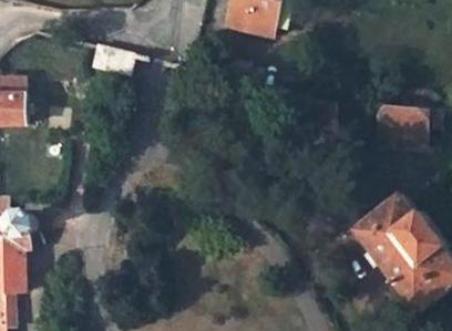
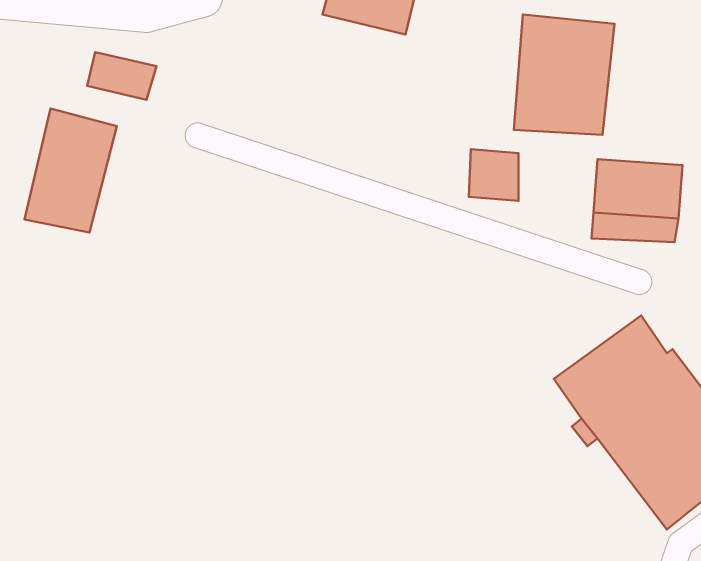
building: none -> [514,15,614,135]
building: none -> [25,109,117,232]

